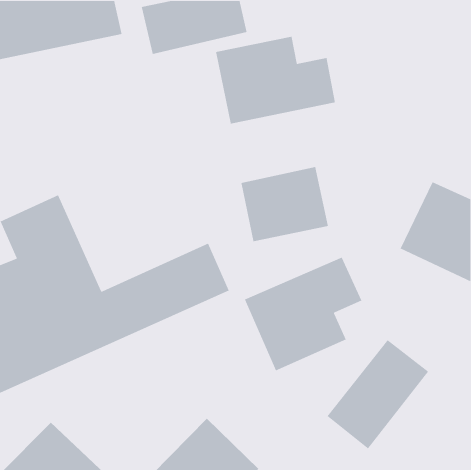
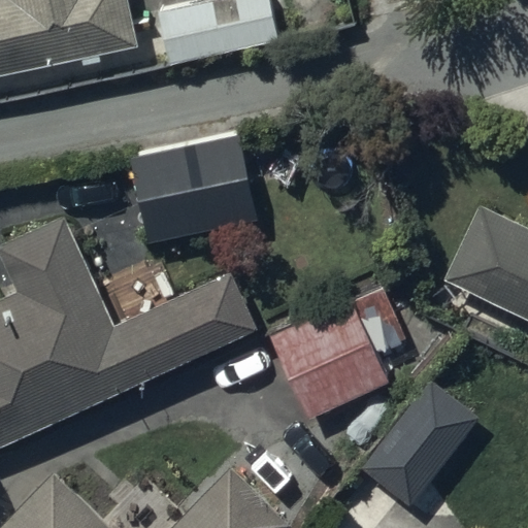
building: [215,36,336,125] -> none
building: none -> [133,135,255,238]
building: [241,166,329,242] -> none

